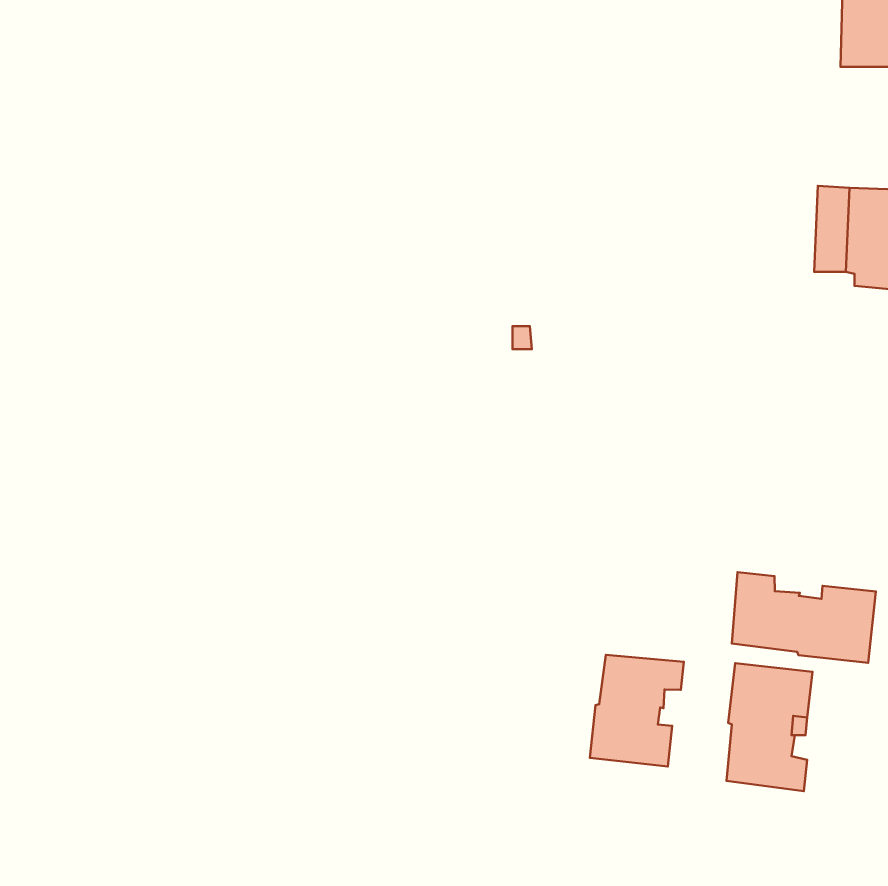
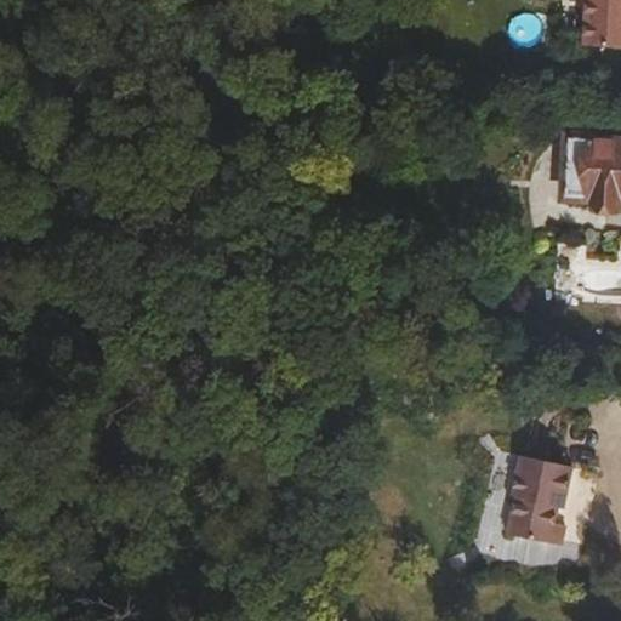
building: [732,572,876,663] -> none
building: [590,655,684,766] -> none

